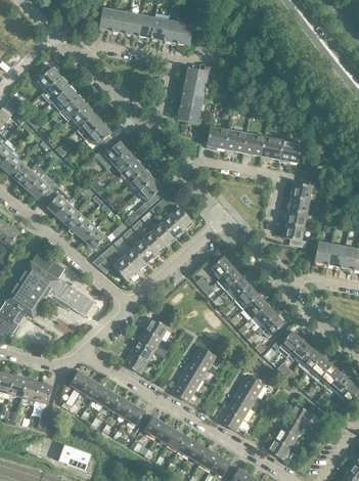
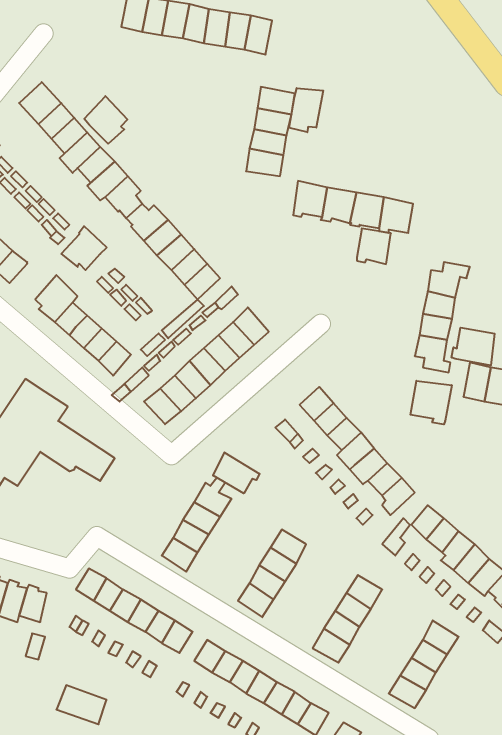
building: none -> [289,88,323,132]
building: none -> [84,96,127,144]
building: [280,140,302,163] -> [357,228,391,264]
building: [29,173,57,201] -> [61,226,107,270]
building: none -> [452,328,495,365]
building: none -> [410,381,452,424]
building: none -> [213,452,260,493]

